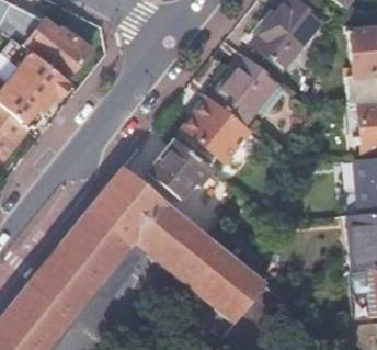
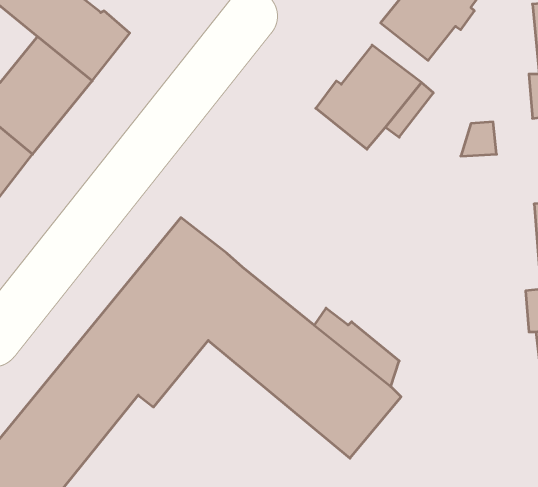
building: [182,98,250,163] -> none
building: [146,140,210,201] -> none

